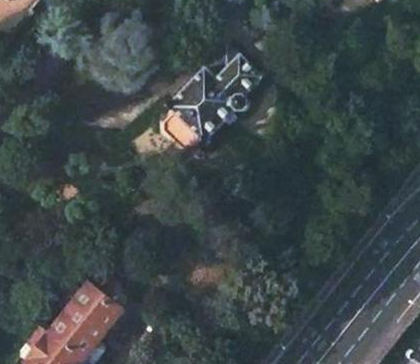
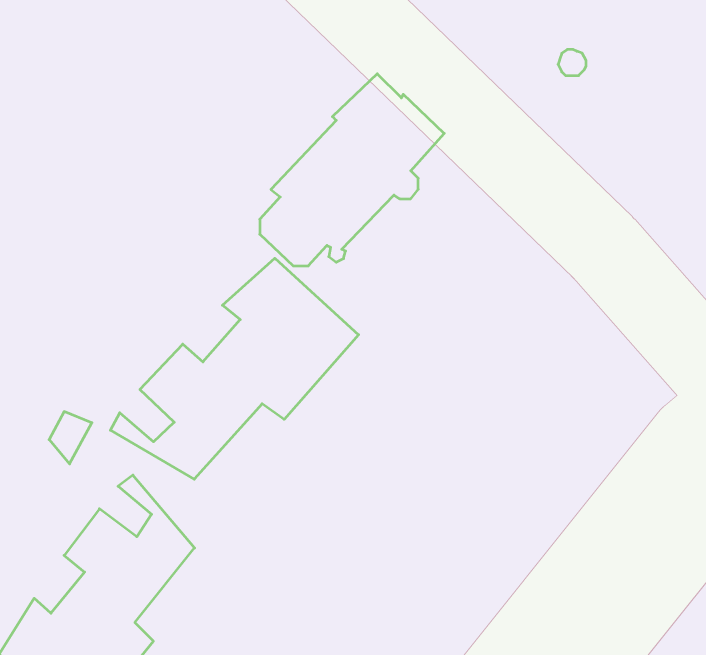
building: none -> [110,258,359,479]

